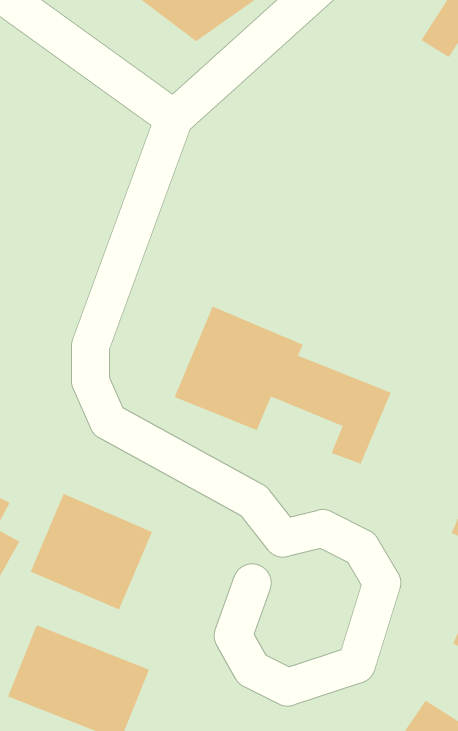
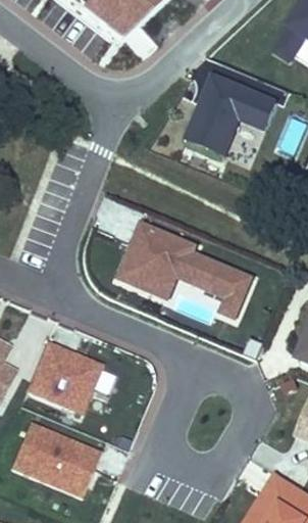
building: none -> [184,72,277,156]

